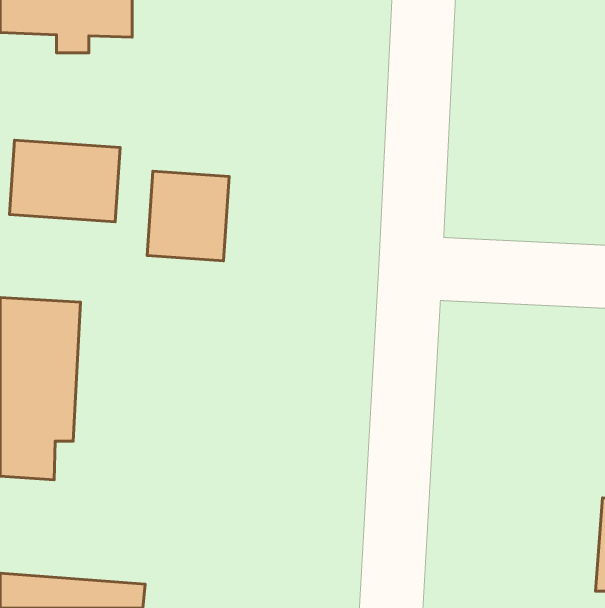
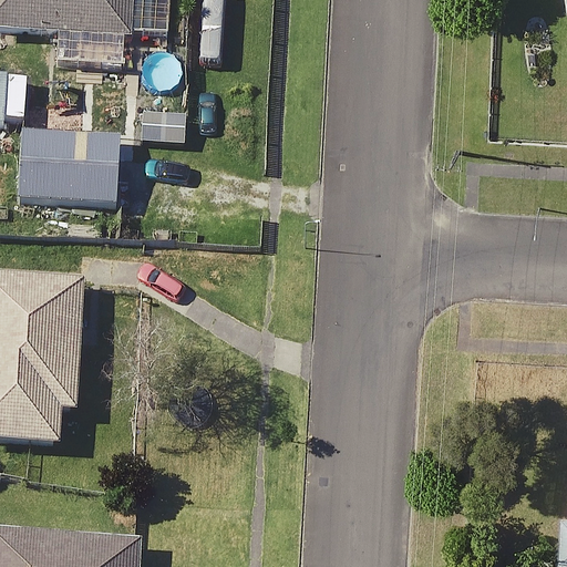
building: [147,171,229,261] -> none

